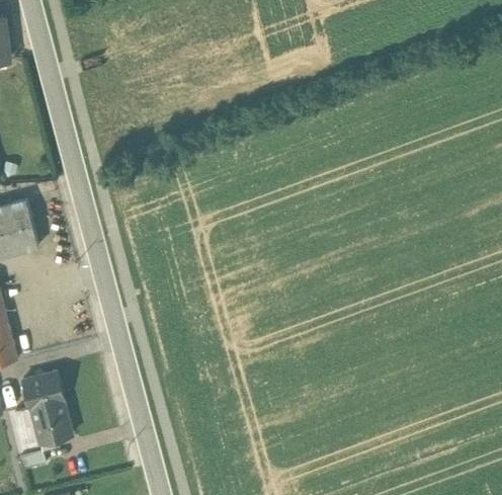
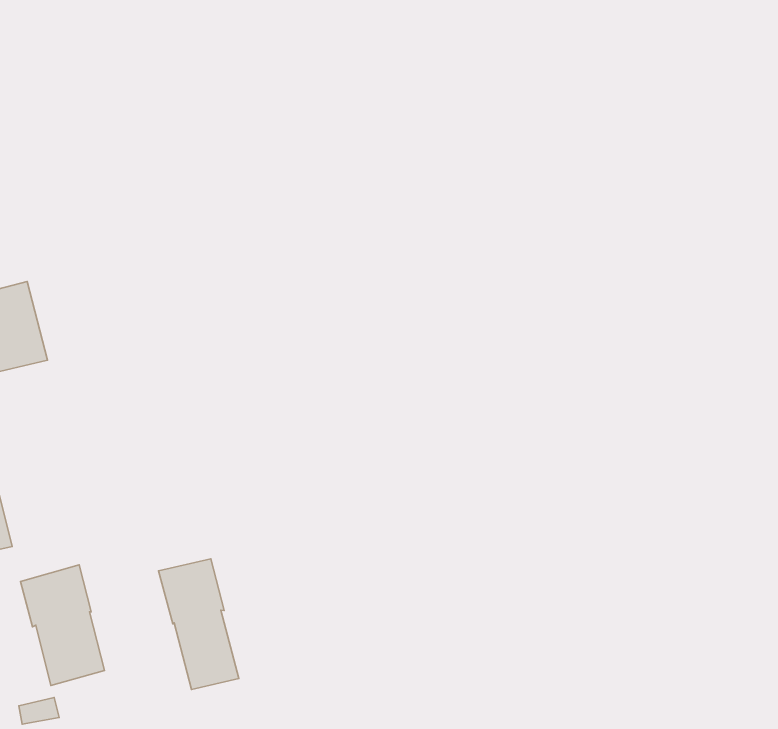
building: none -> [159,559,239,690]

